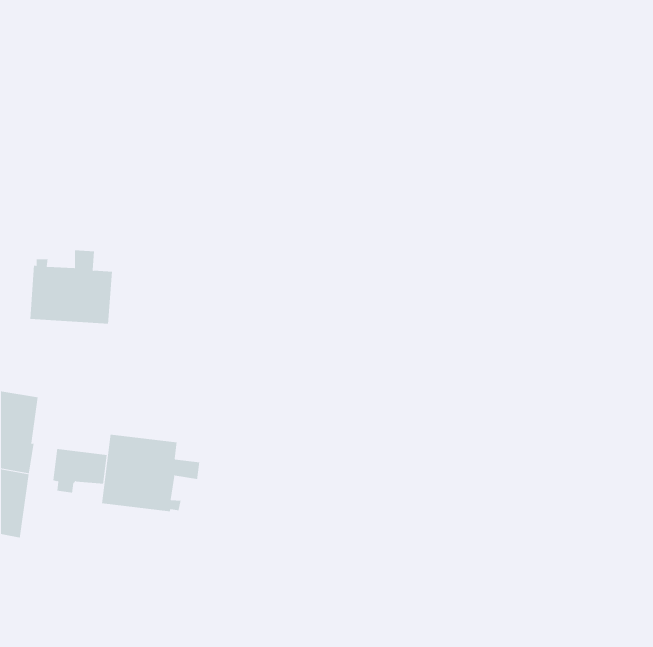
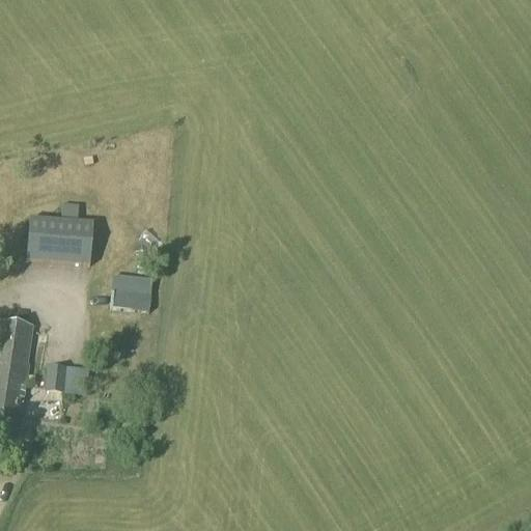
building: none -> [109,274,151,310]
building: [101,434,200,512] -> none

